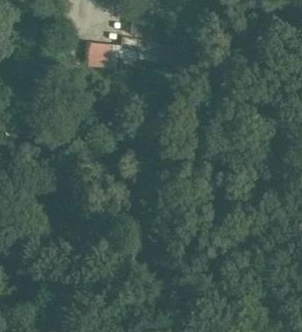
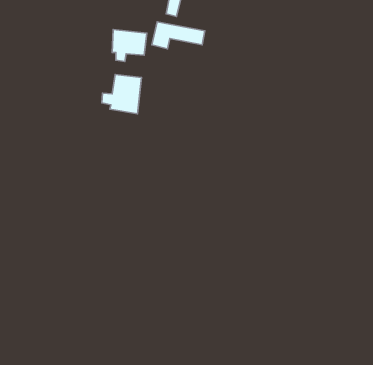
building: none -> [102,74,142,114]

